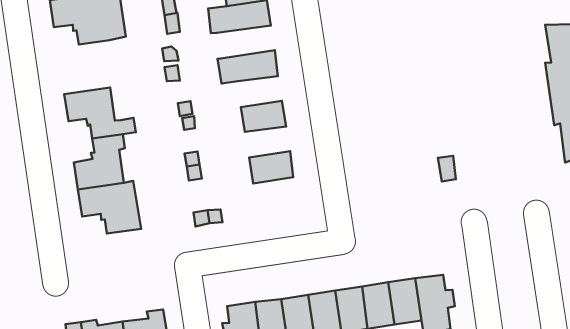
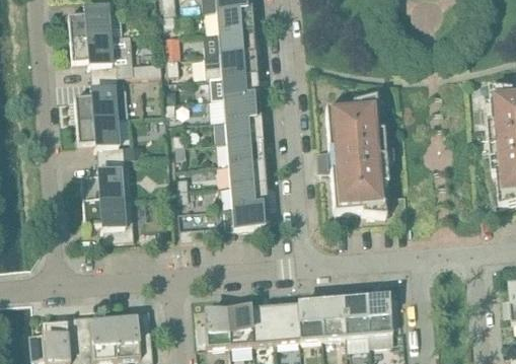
building: none -> [210,73,259,98]
building: none -> [74,76,126,120]
building: none -> [319,96,387,217]
building: none -> [225,117,262,141]
building: none -> [228,160,266,185]
building: none -> [224,204,269,229]

